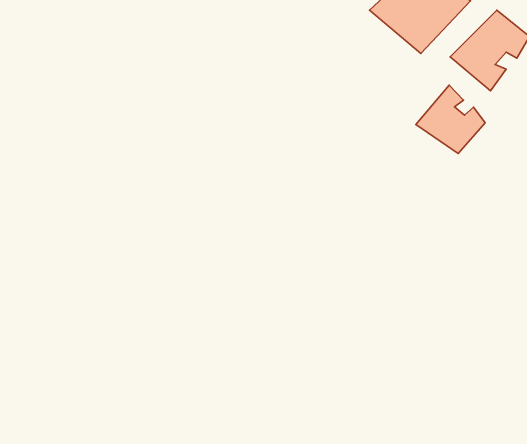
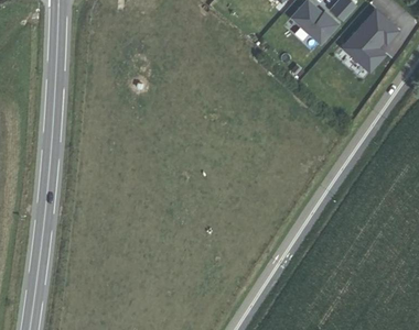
building: [416,85,485,154] -> none

